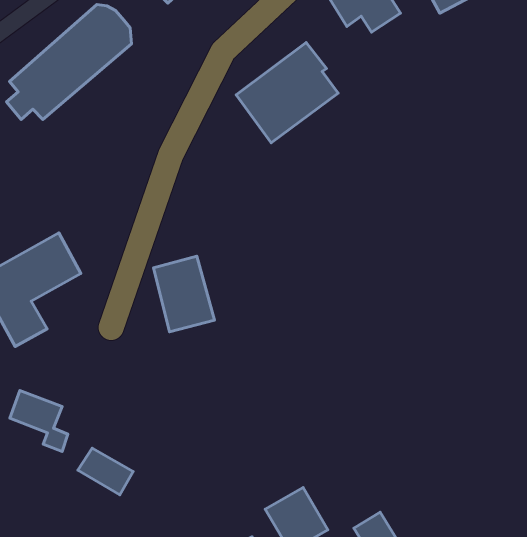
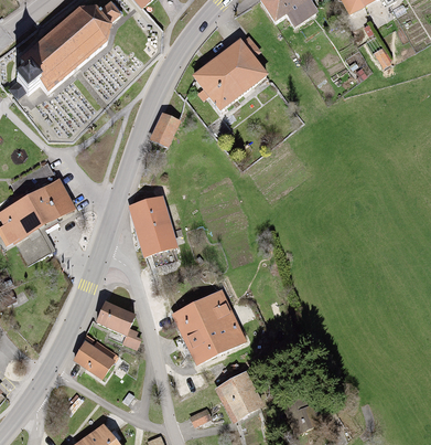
building: none -> [150,114,179,146]
building: none -> [173,292,243,363]
building: [10,390,68,452] -> [97,301,141,348]

